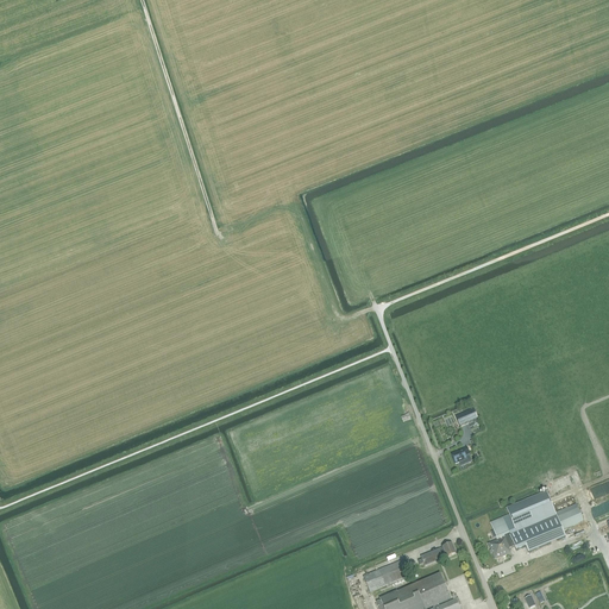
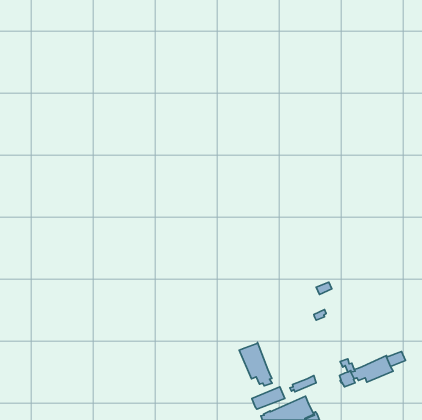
building: [507,490,557,530] -> none
building: none -> [239,343,272,386]

